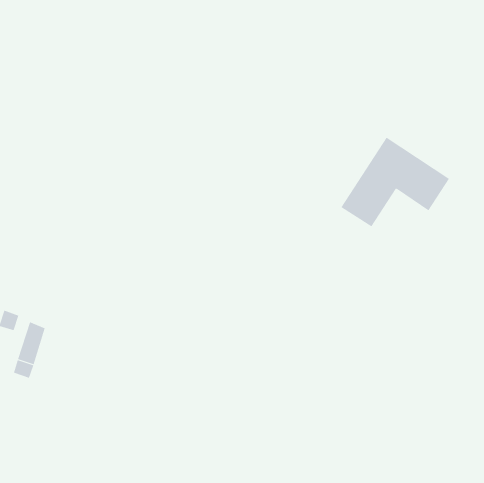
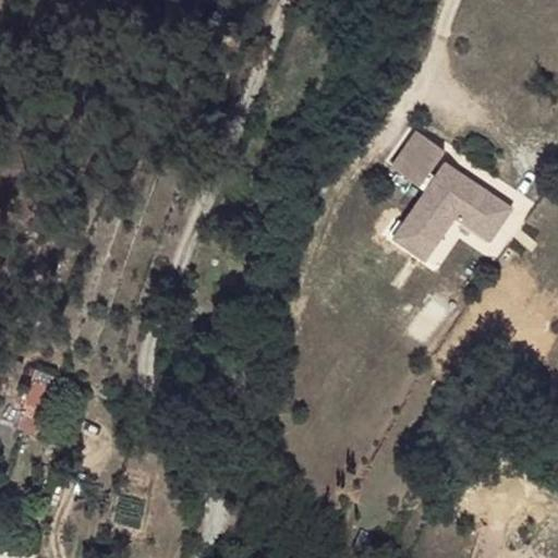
building: none -> [387,129,447,190]

